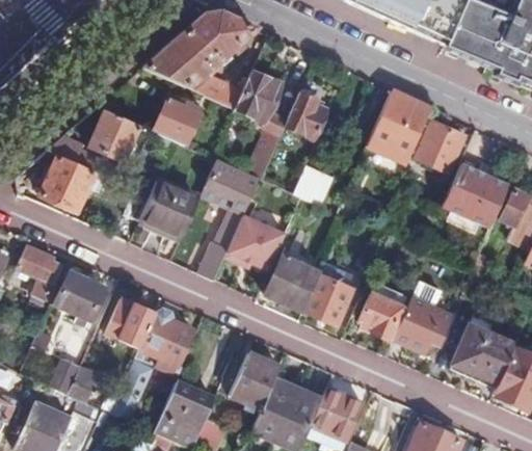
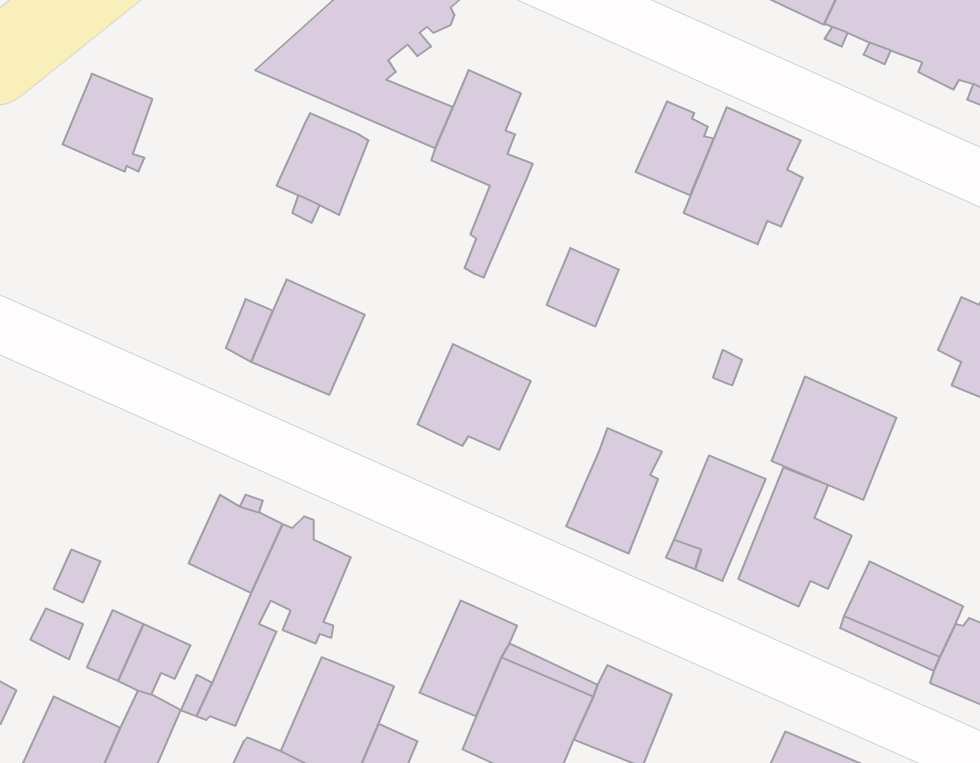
building: [285,89,326,139] -> [636,101,714,195]
building: [87,110,135,162] -> [62,74,152,172]
building: [417,124,466,175] -> none
building: [39,156,94,210] -> none
building: [201,159,257,270] -> none
building: [444,162,510,228] -> [771,377,897,500]
building: [18,245,59,299] -> none
building: [267,255,323,312] -> none
building: [56,270,103,320] -> none

